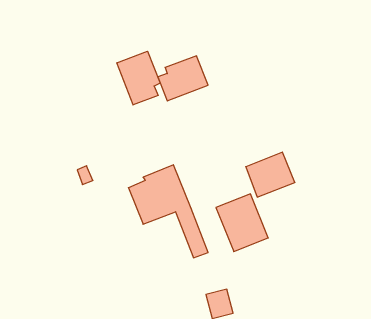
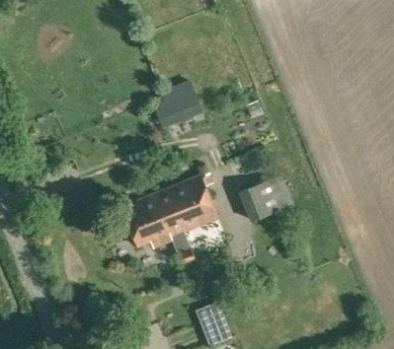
building: [117,51,160,105] -> none
building: [216,194,268,252] -> [168,177,219,232]

